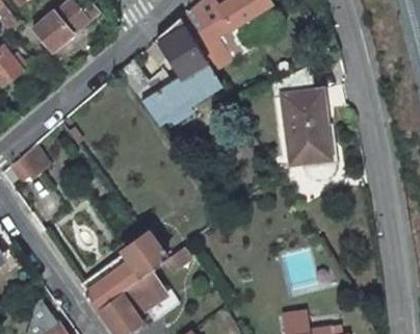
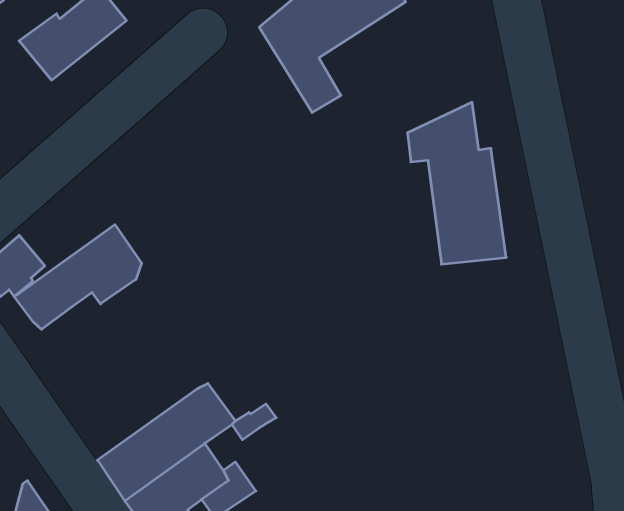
building: [121,20,222,128] -> none
building: none -> [14,225,142,329]

